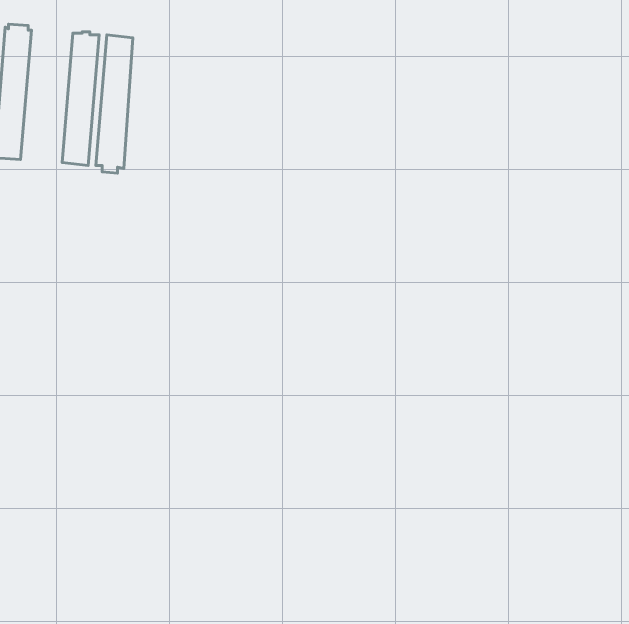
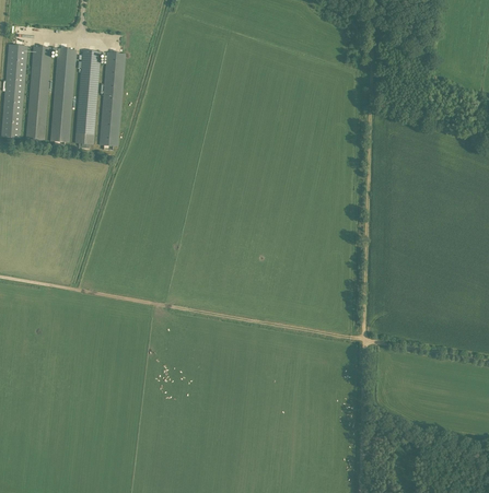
building: none -> [25,45,51,140]
building: none -> [98,50,125,145]

